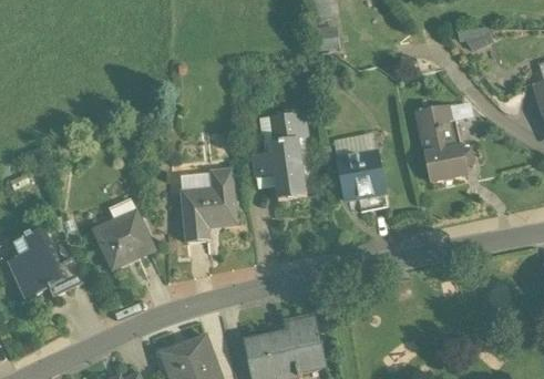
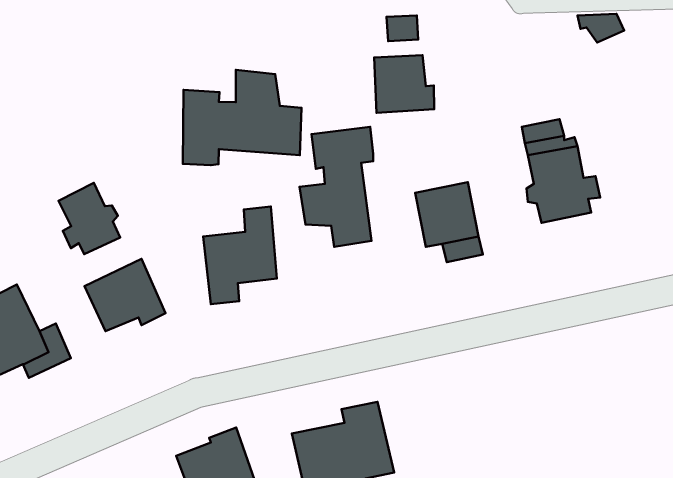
building: none -> [374,55,434,113]
building: none -> [183,70,302,165]
building: none -> [59,183,120,254]

